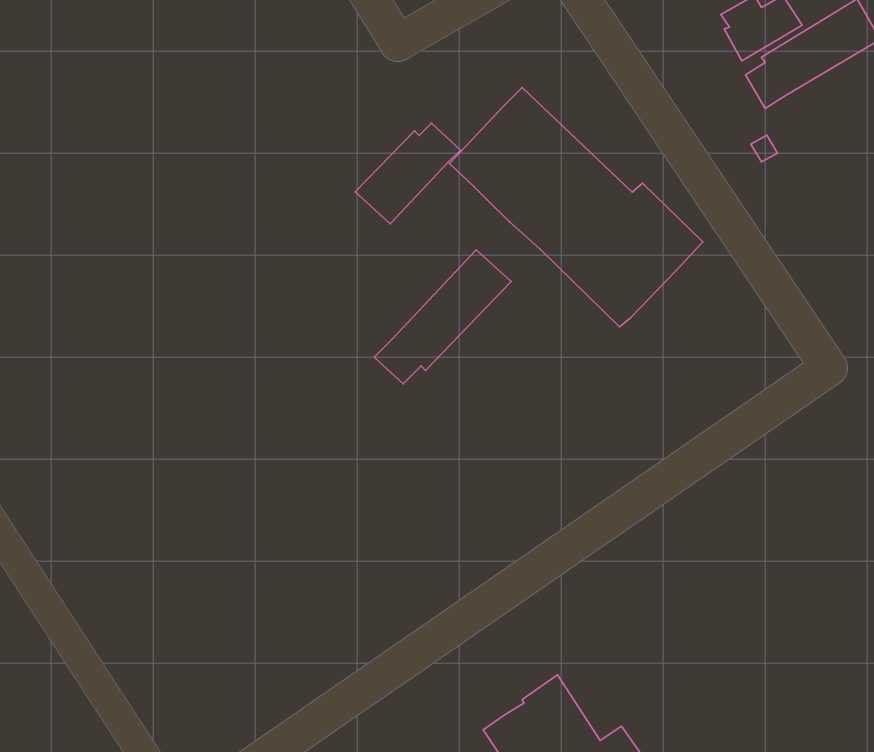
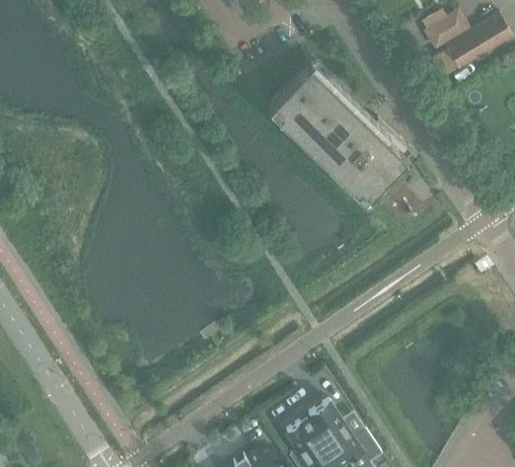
building: [355,123,460,224] -> none
building: [374,250,511,384] -> none

